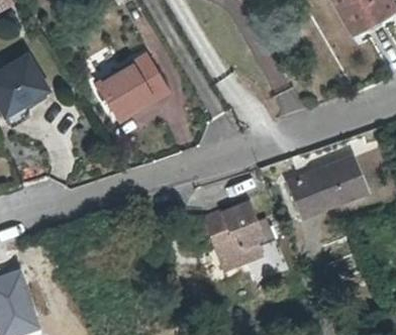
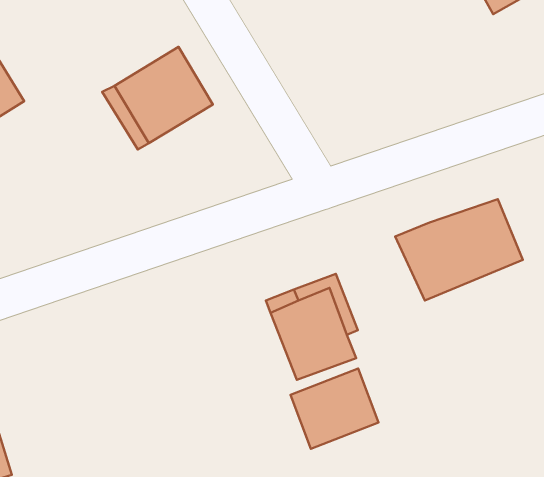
building: none -> [290,369,379,449]

